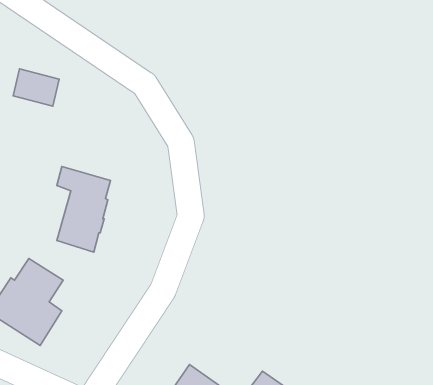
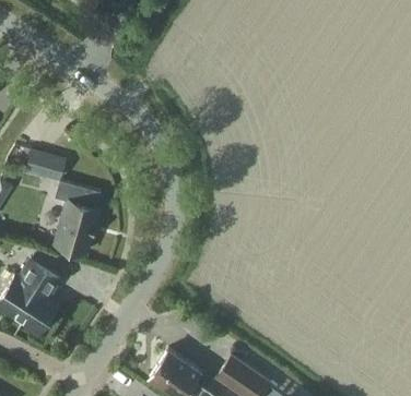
building: [13,69,59,106] -> [26,151,66,182]

